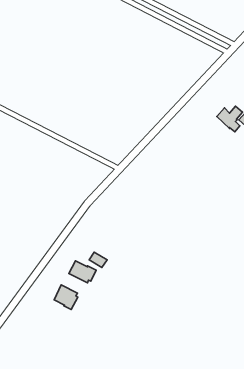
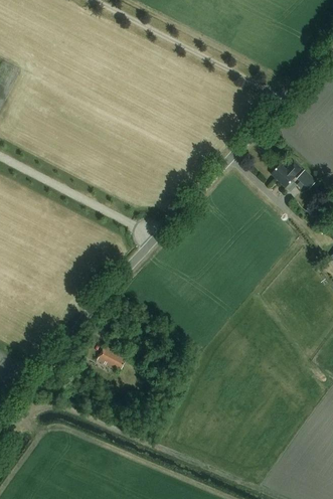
building: [54,285,78,309] -> none

